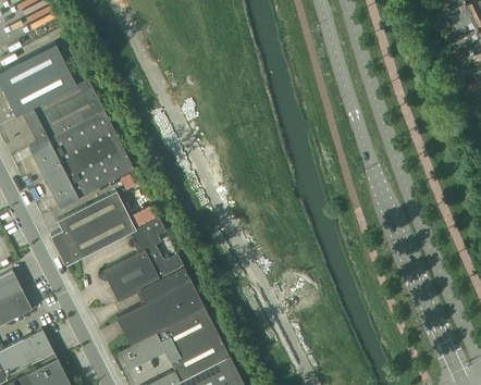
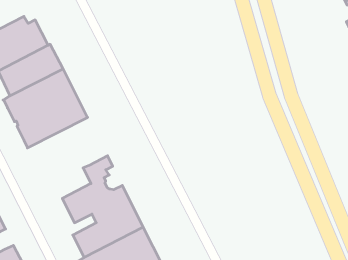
building: [50,190,136,264] -> none

